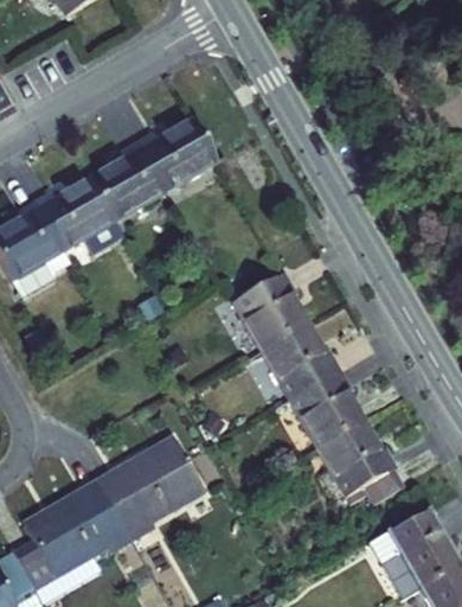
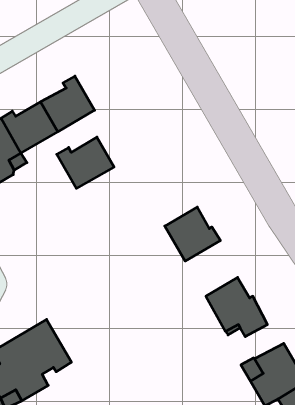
building: [137,119,217,190] -> [57,137,114,188]
building: [235,273,307,350] -> none
building: [290,370,362,447] -> none
building: [98,435,205,538] -> none

